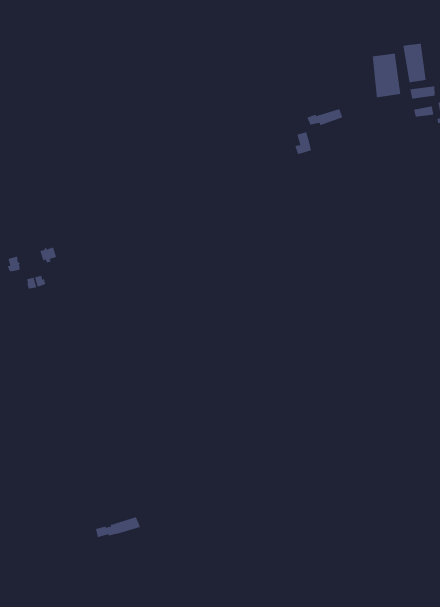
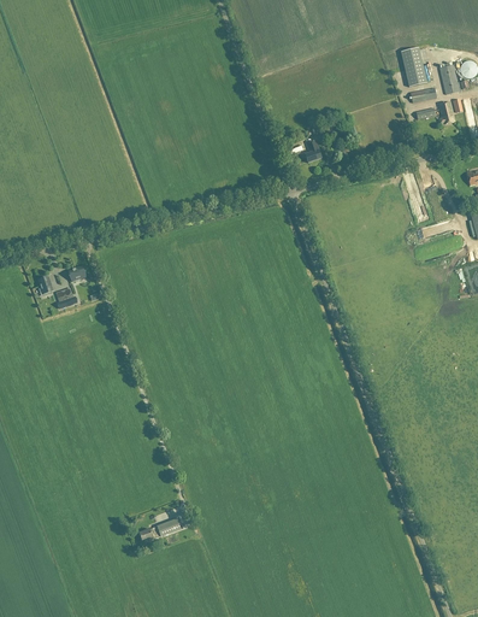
building: [372,53,401,98] -> none

